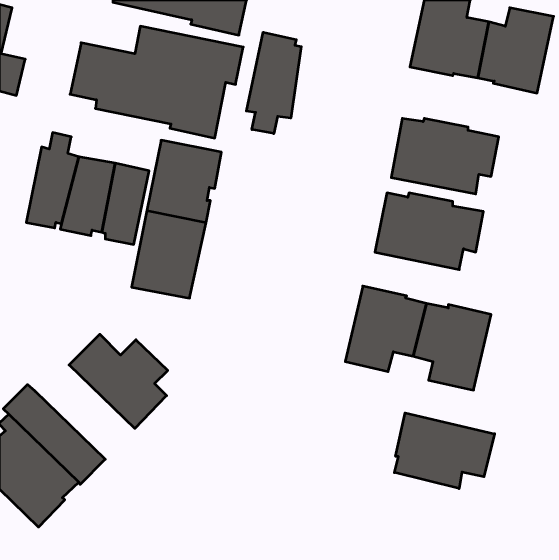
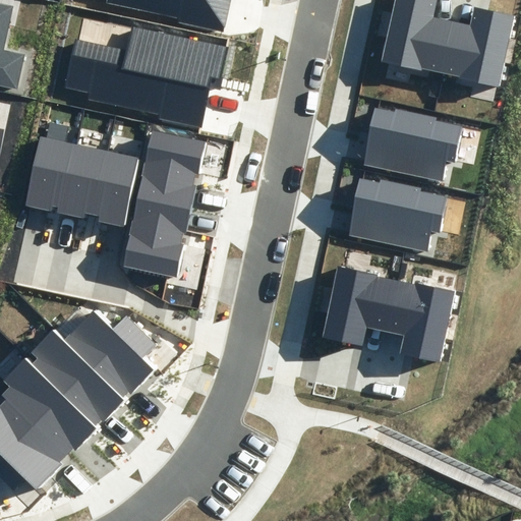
building: [246,32,301,134] -> none
building: none -> [30,328,125,426]
building: [394,413,495,489] -> none

